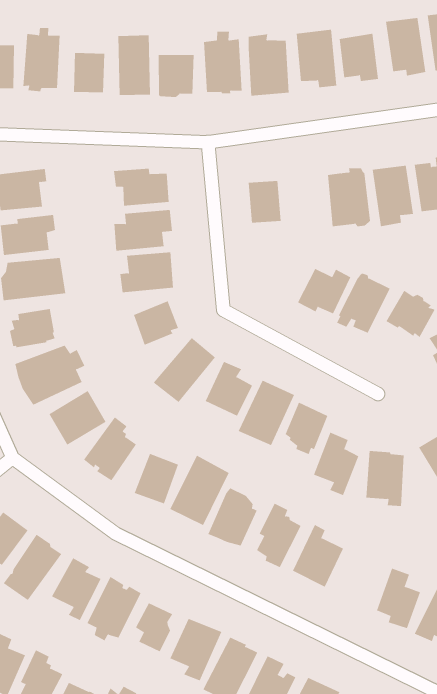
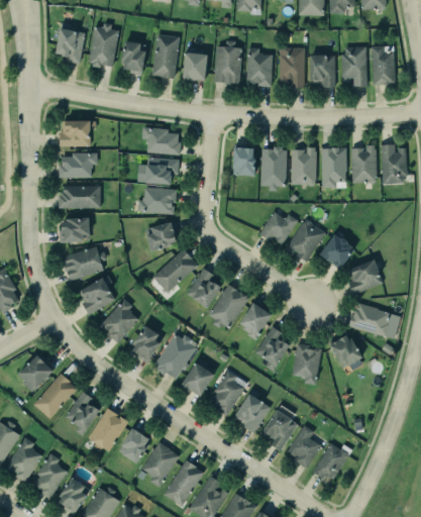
building: none -> [260,148,287,192]
building: none -> [259,410,297,451]

